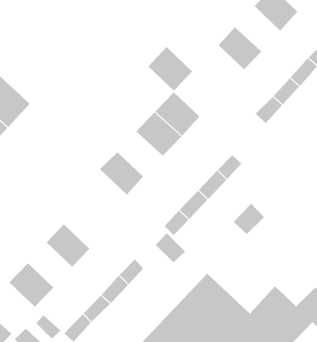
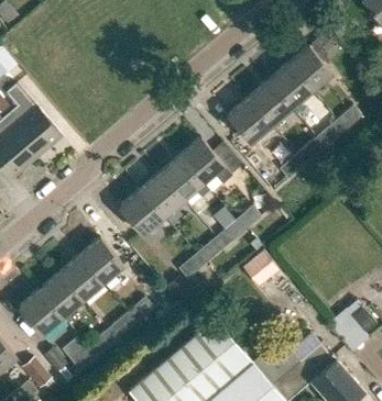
building: none -> [268,64,312,109]
building: [147,46,193,91] -> [228,98,272,143]
building: none -> [139,174,183,219]
building: none -> [78,238,122,283]
building: none -> [39,272,81,318]

